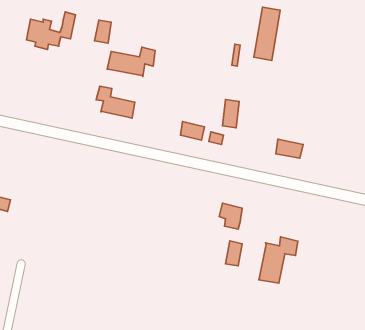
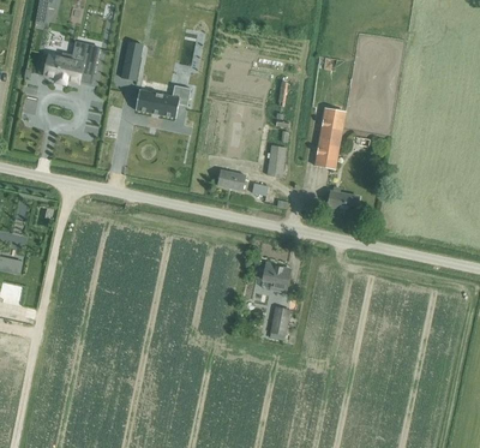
building: [254,7,280,60] -> [314,107,344,168]
building: [96,86,135,118] -> none
building: [259,237,298,283] -> none

